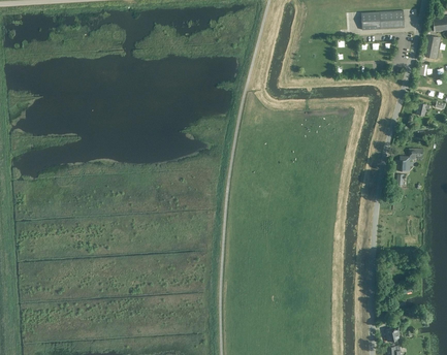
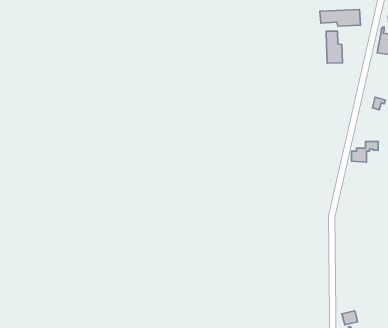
building: none -> [326,31,343,63]

